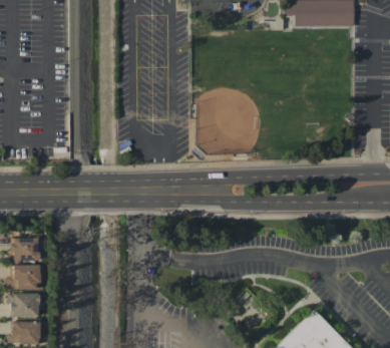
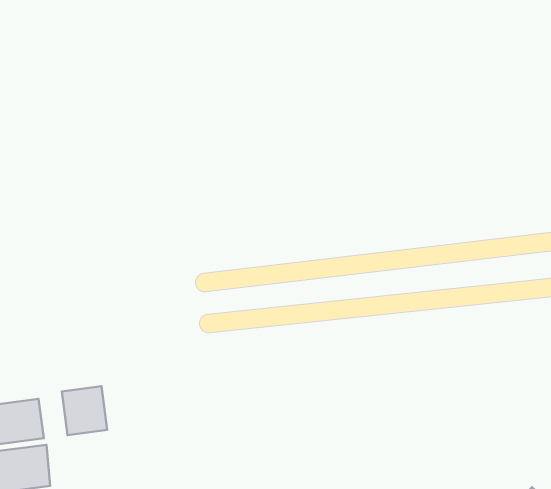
building: none -> [62,386,107,435]

